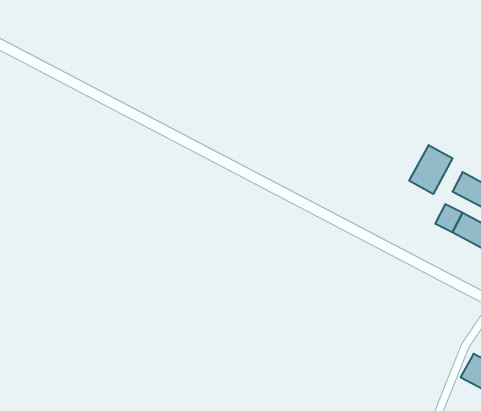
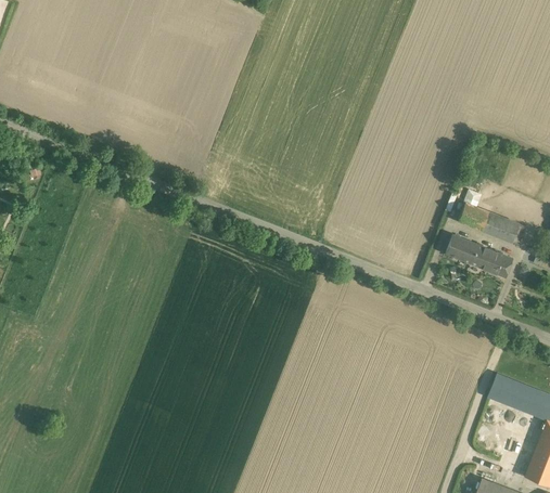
building: [409,145,453,194] -> none

